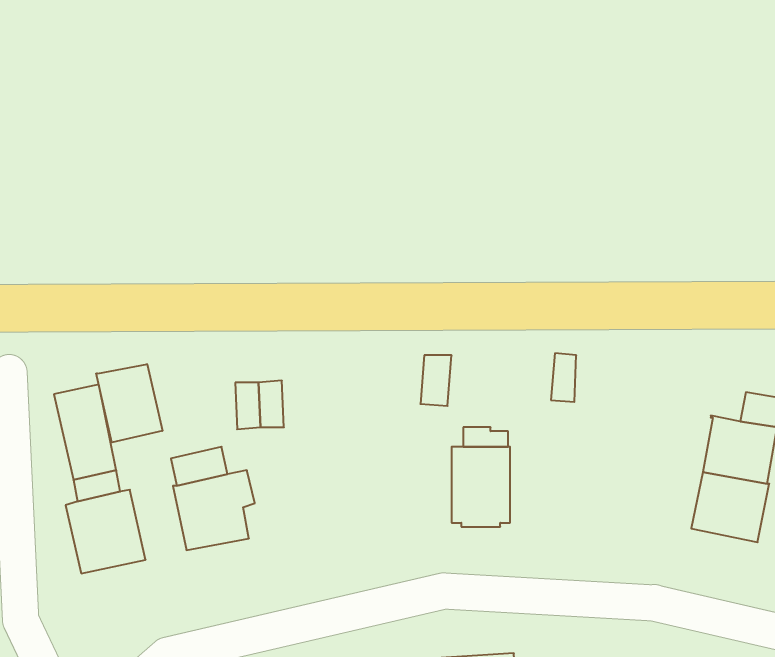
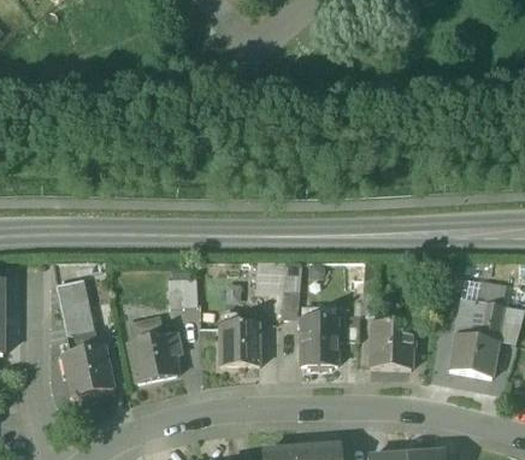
building: [96,364,162,442] -> none
building: none -> [218,312,259,364]
building: none -> [371,315,414,366]

